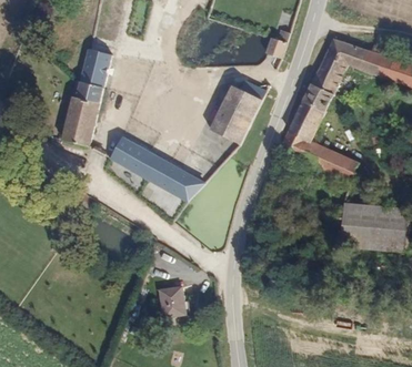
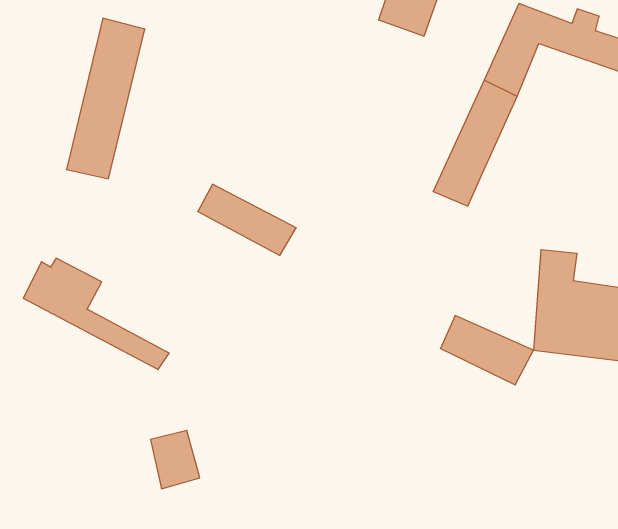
building: [203,80,262,142] -> none
building: [103,136,192,204] -> [23,258,169,369]
building: [307,144,363,186] -> [440,316,534,385]
building: [157,283,187,318] -> [150,430,200,489]

